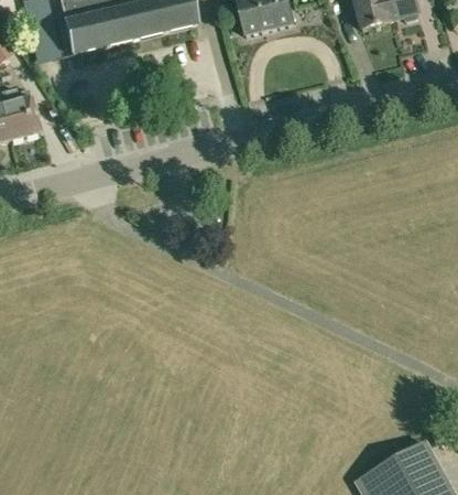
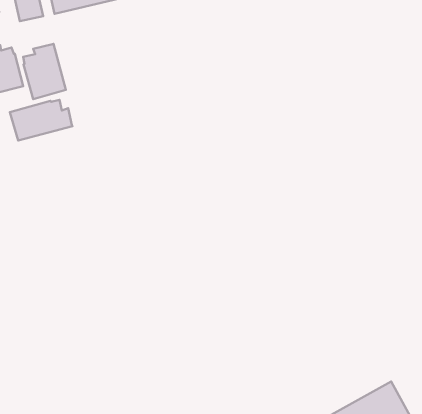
building: none -> [23,44,66,99]
building: none -> [10,100,72,141]

